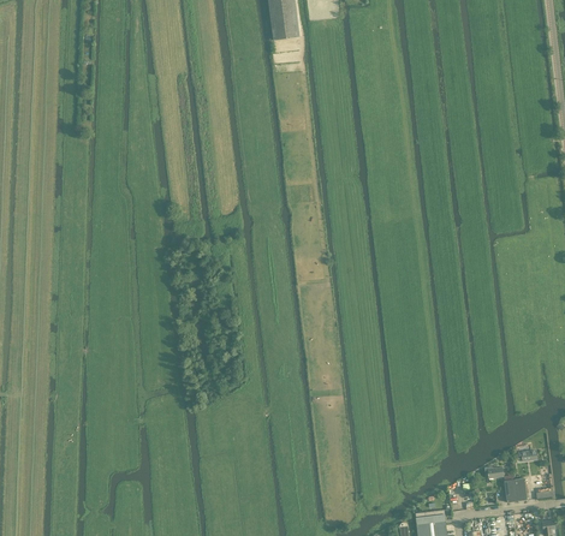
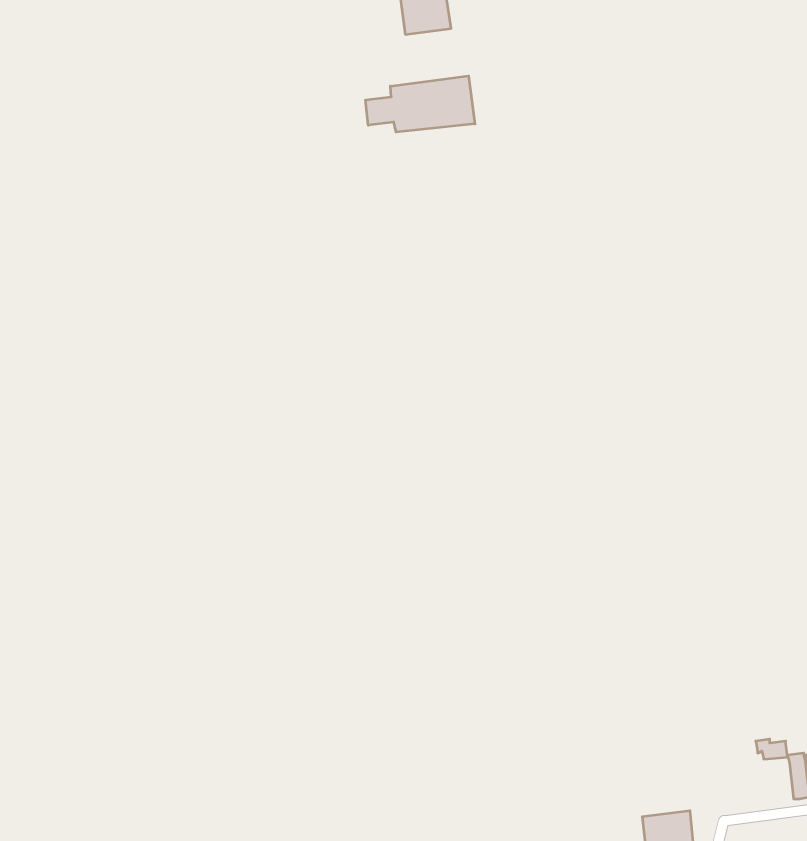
building: none -> [366,76,475,132]

